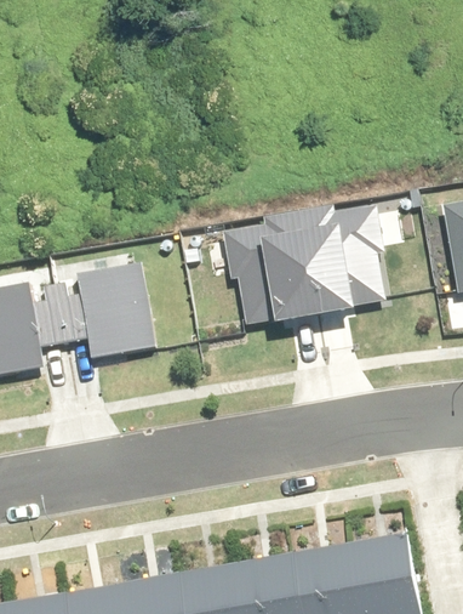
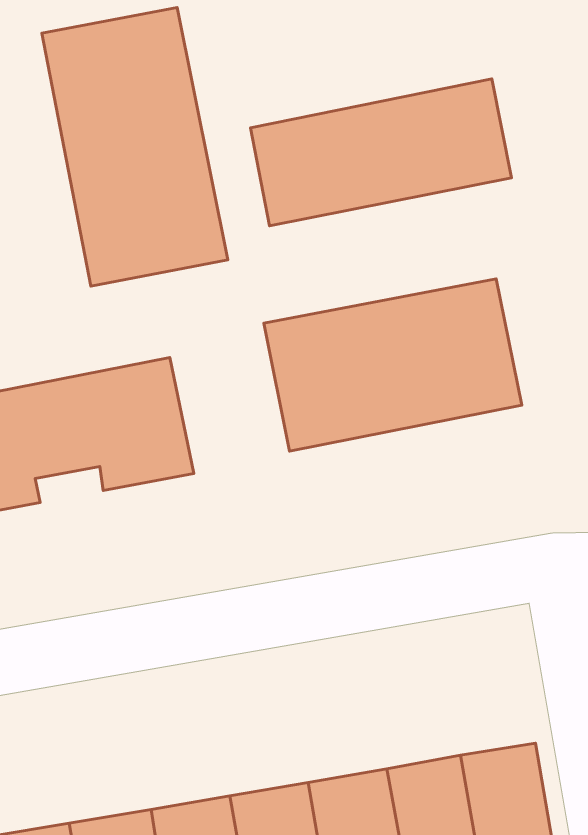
building: none -> [42,8,228,286]
building: none -> [251,79,511,226]

